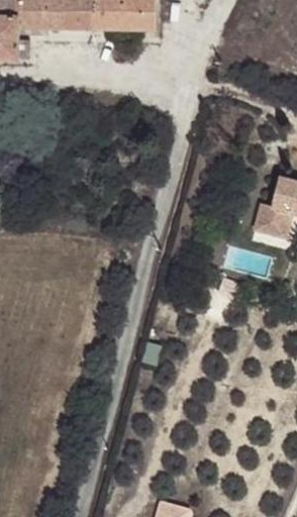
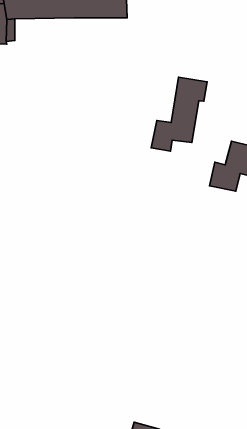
building: none -> [151,77,207,151]

